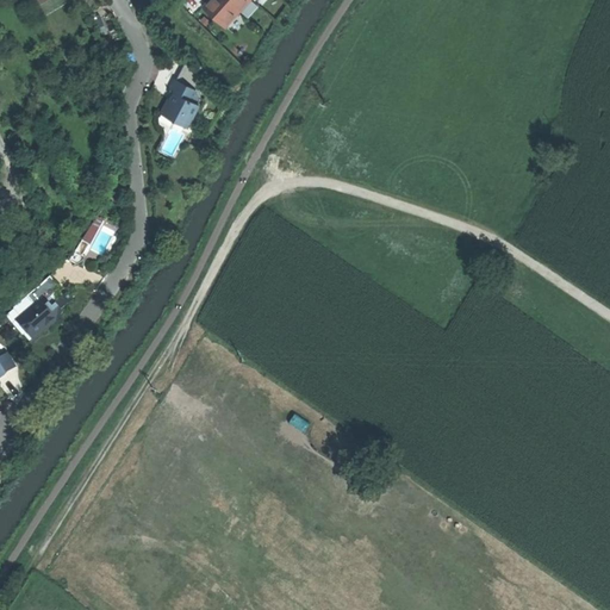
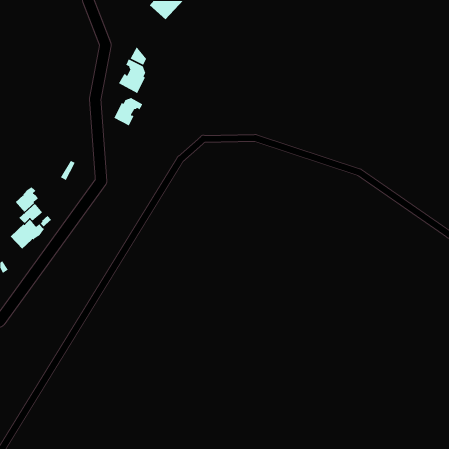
building: none -> [113,97,144,126]
building: none -> [15,186,39,213]

